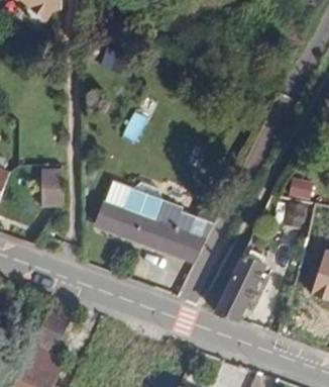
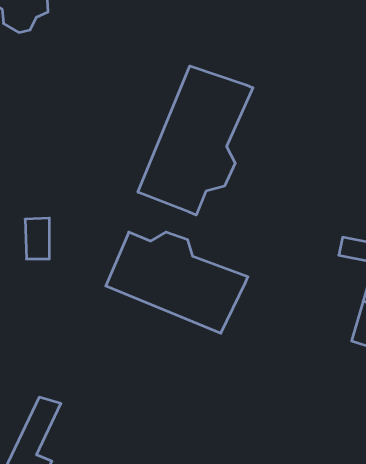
building: none -> [138,66,253,215]
building: [218,249,269,318] -> none

